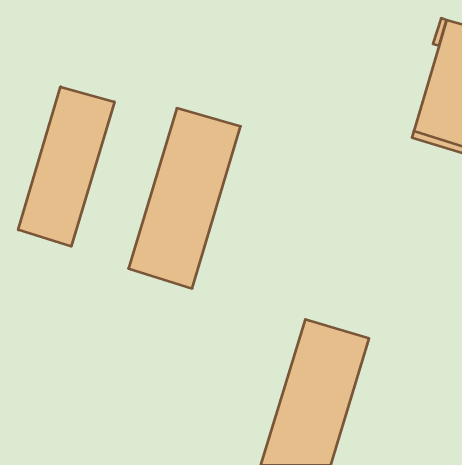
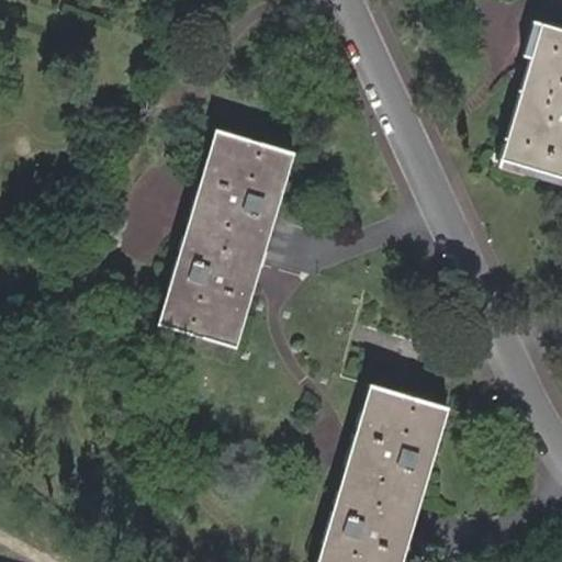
building: [18,87,114,246] -> none

